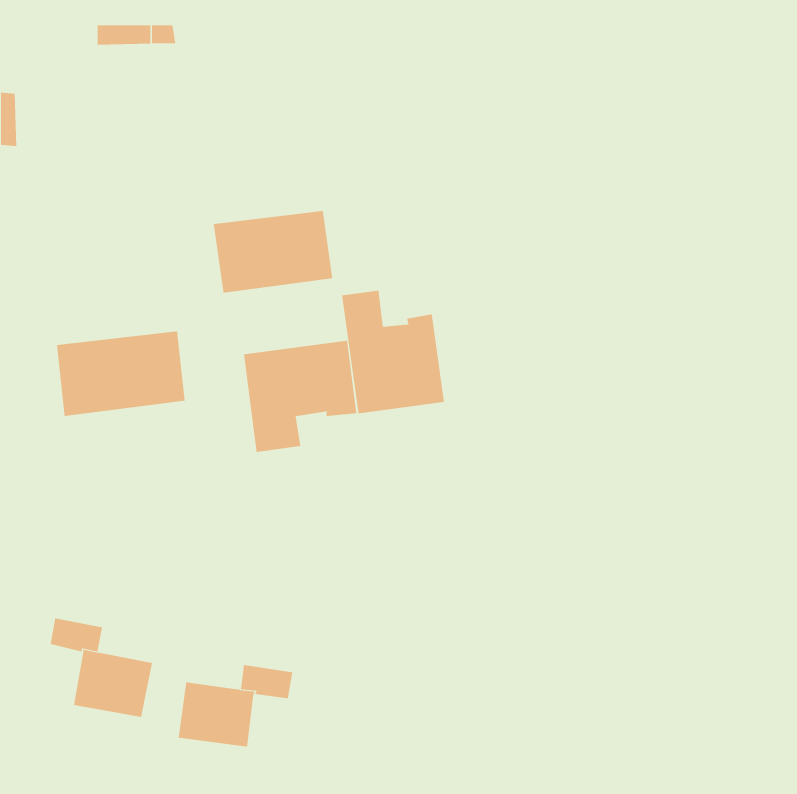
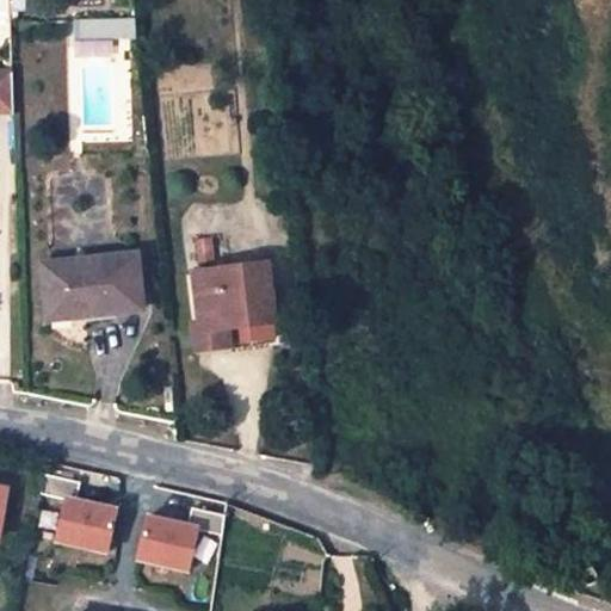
building: [213,210,333,293] -> none
building: [341,290,445,414] -> none

